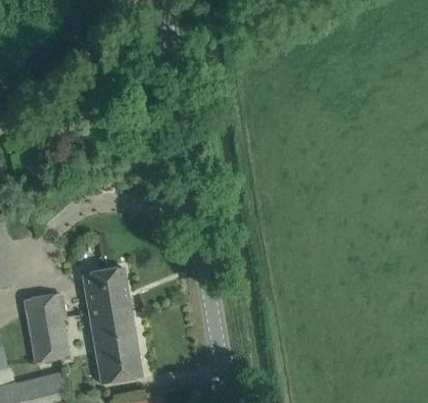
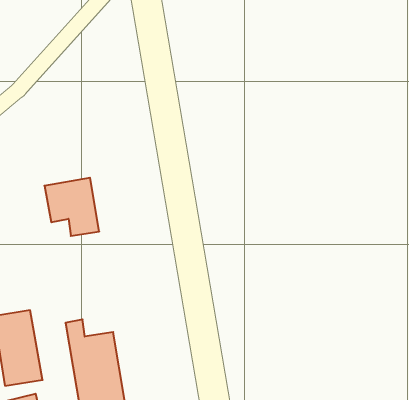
building: [83,267,132,319] -> [44,178,99,236]

